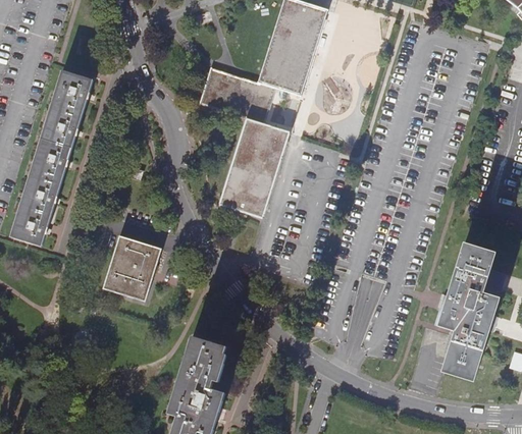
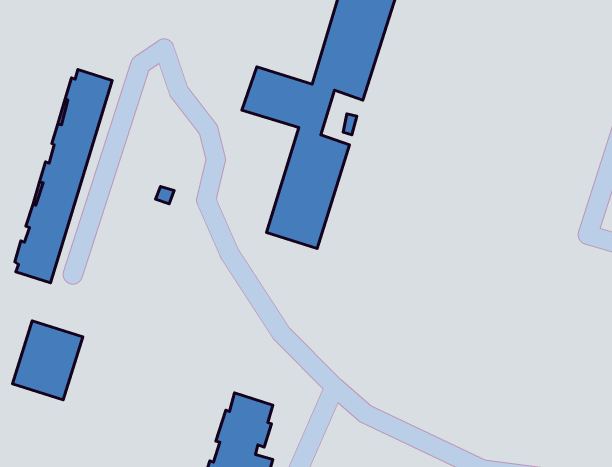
building: [103,234,161,300] -> [12,321,83,400]
building: [438,242,500,380] -> none

